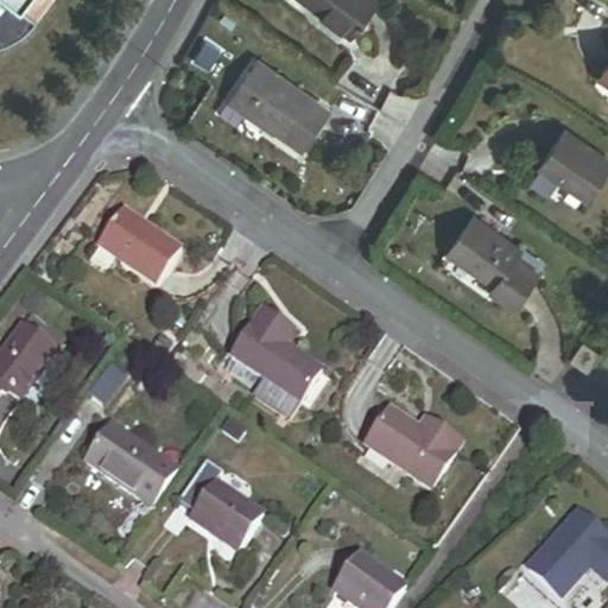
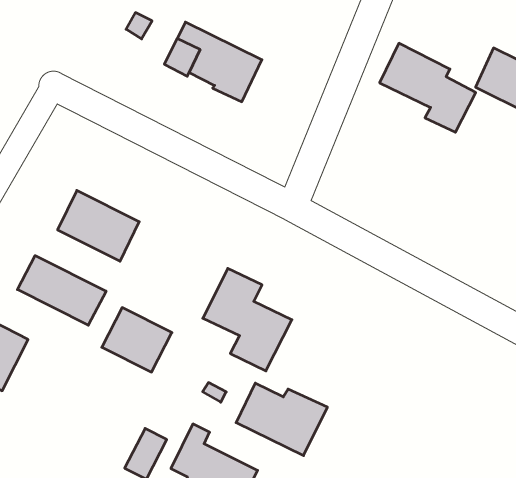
building: [446,210,542,308] -> [380,43,476,132]
building: none -> [17,256,106,325]
building: [366,407,460,487] -> [236,383,327,456]
building: [84,424,157,493] -> [102,308,172,372]

